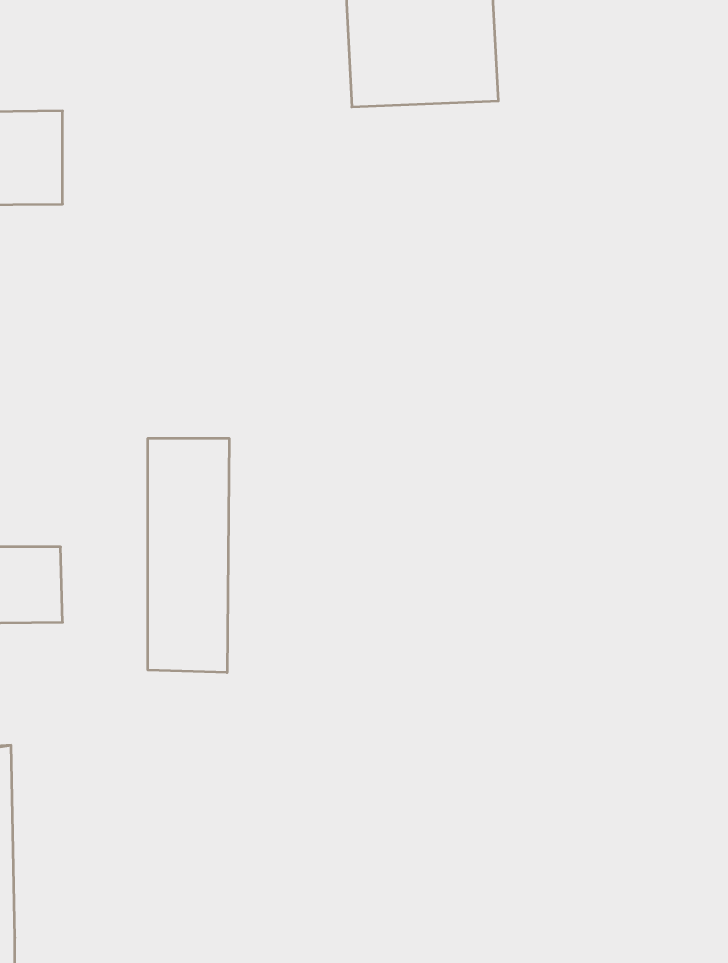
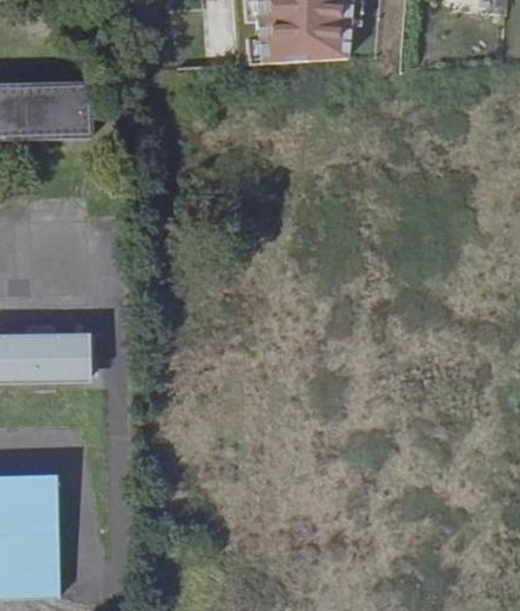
building: [148,438,229,673] -> none

